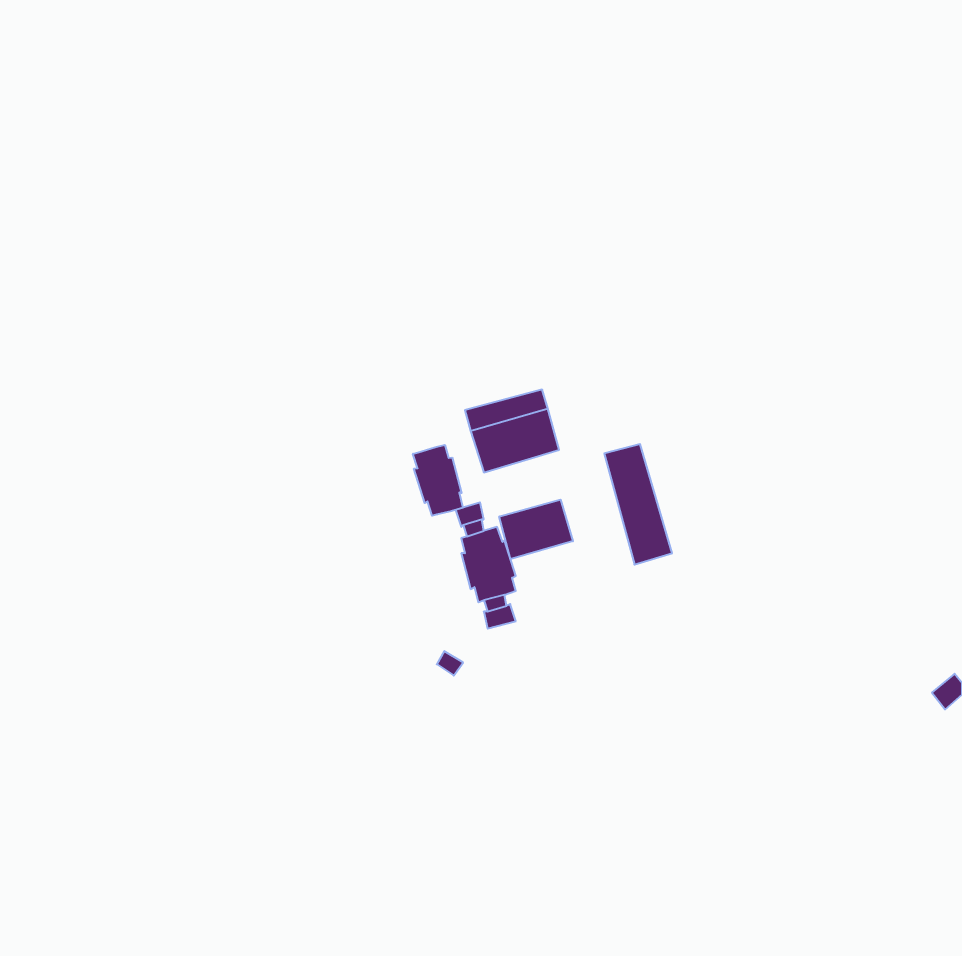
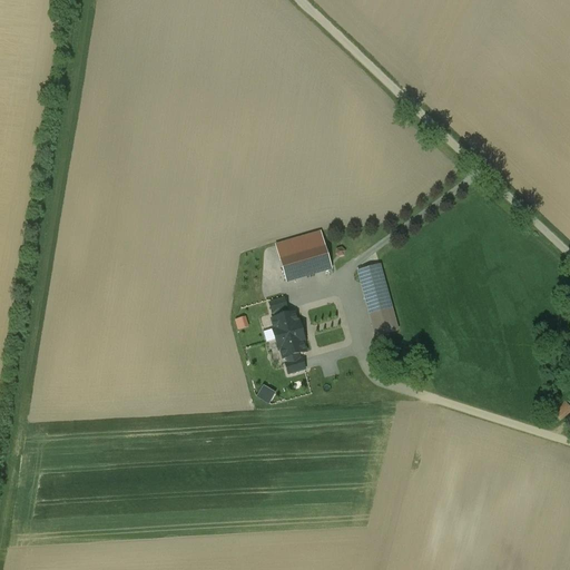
building: [413,445,463,516] -> none
building: [499,500,573,559] -> none

